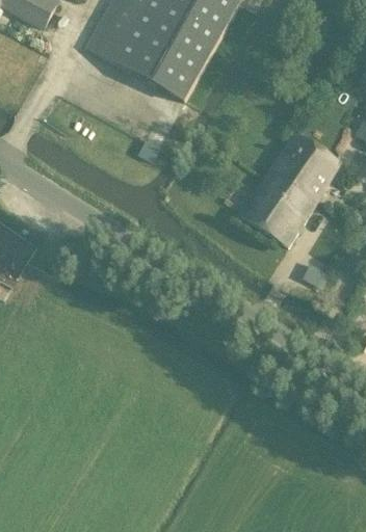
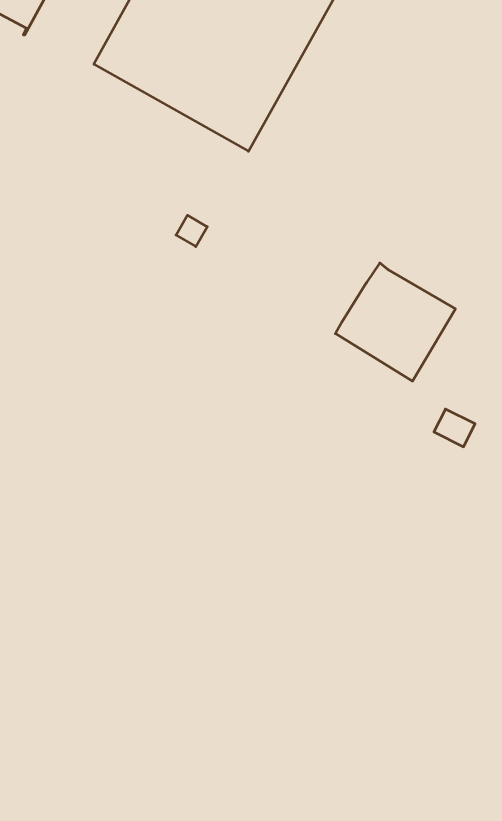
building: [268,132,339,201] -> none

